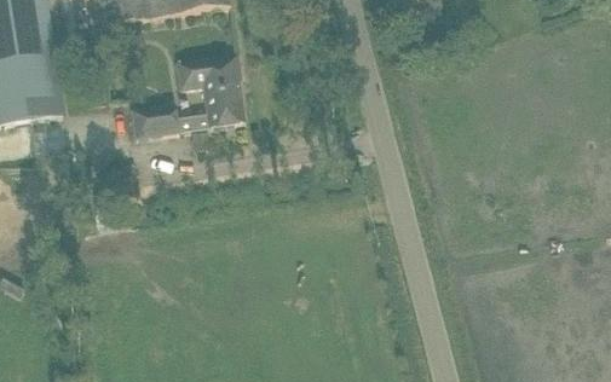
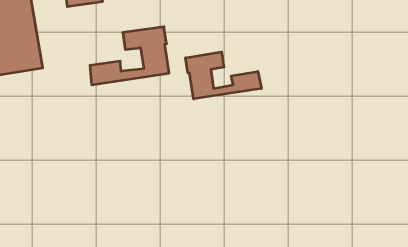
building: none -> [186,52,261,99]

